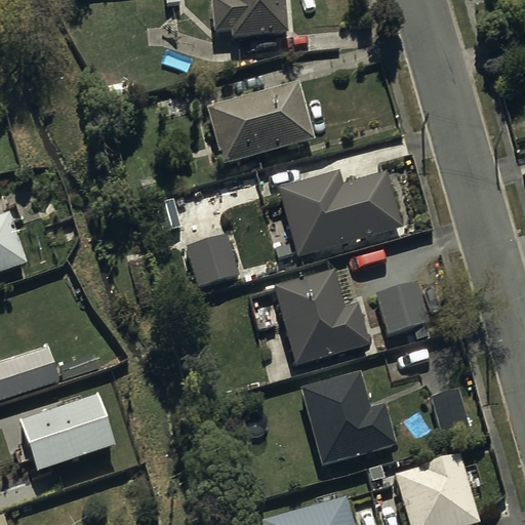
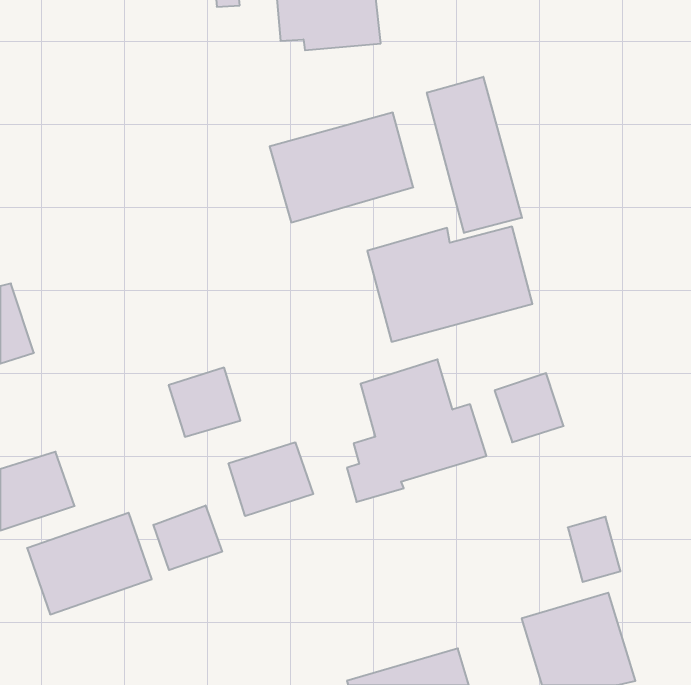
building: none -> [427,77,522,233]
building: [187,236,241,288] -> [169,368,240,437]
building: none -> [229,442,313,516]
building: [299,373,398,469] -> none
building: none -> [153,505,222,570]

